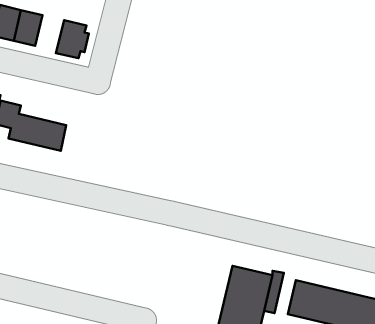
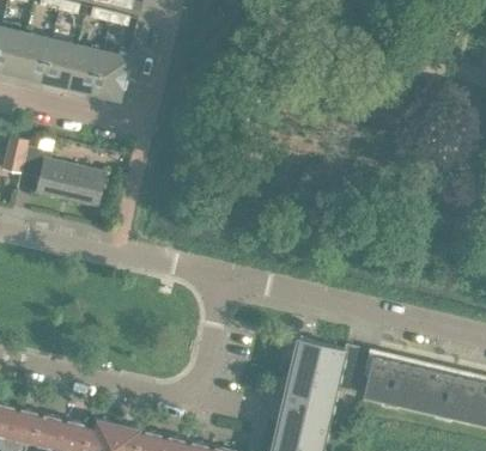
building: none -> [67,47,101,91]

